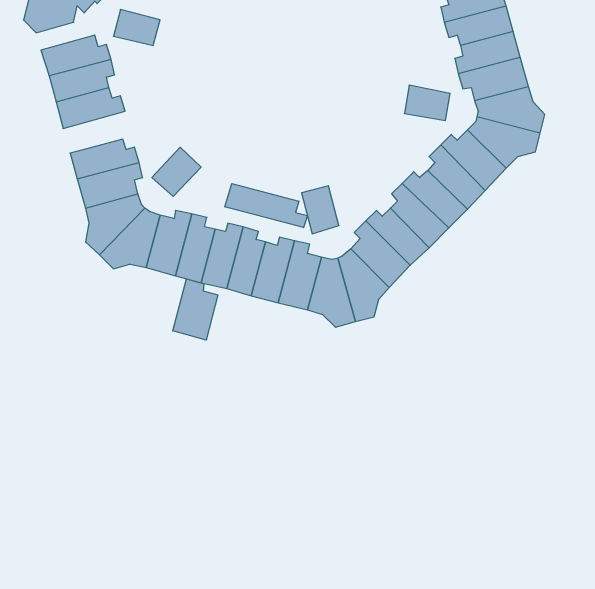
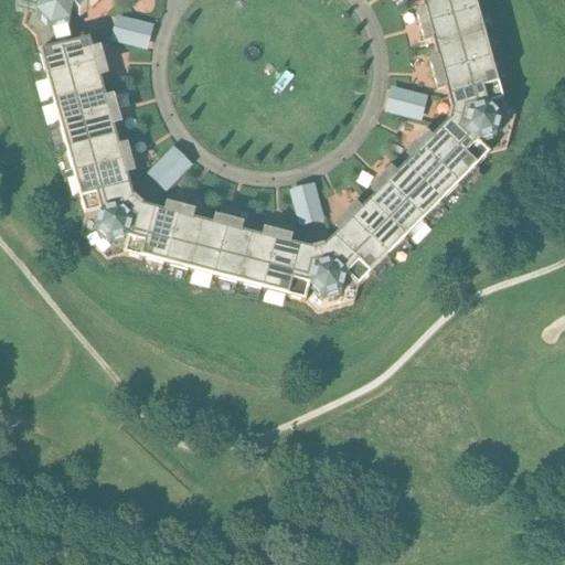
building: none -> [62,105,124,145]
building: [225,184,307,228] -> none
building: [173,279,218,340] -> none

